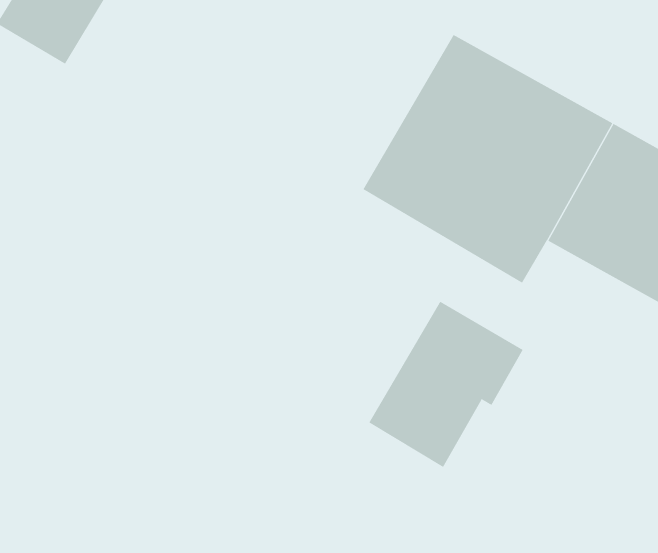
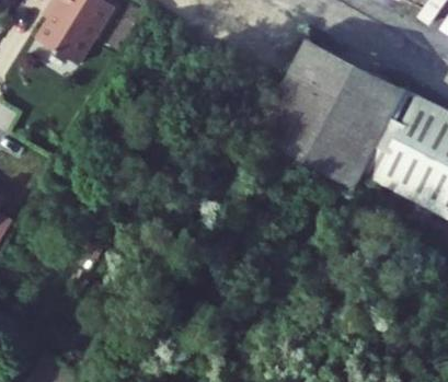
building: [369,301,523,468] -> none

